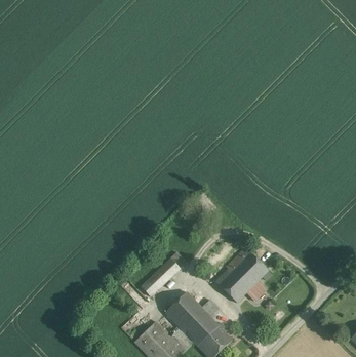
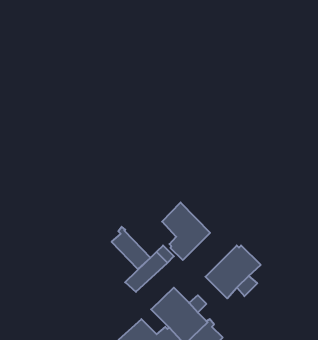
building: none -> [162,202,210,260]
building: none -> [112,227,151,269]

